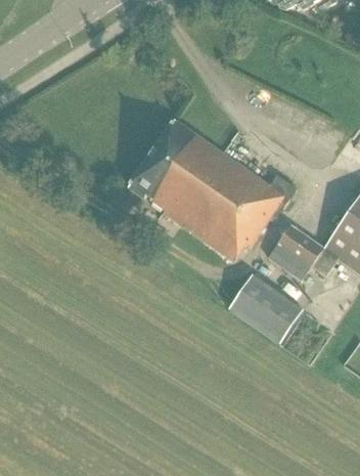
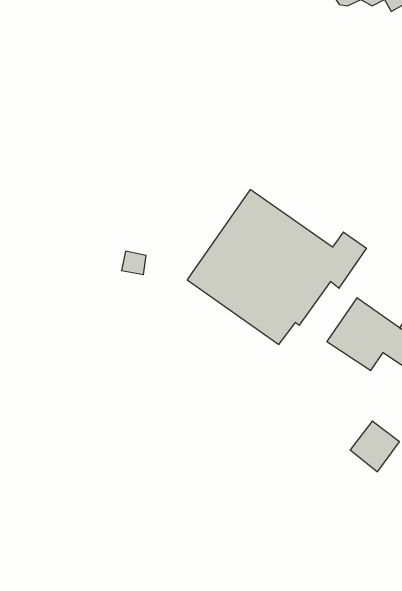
building: [127,118,212,209] -> none
building: [229,274,304,343] -> none

